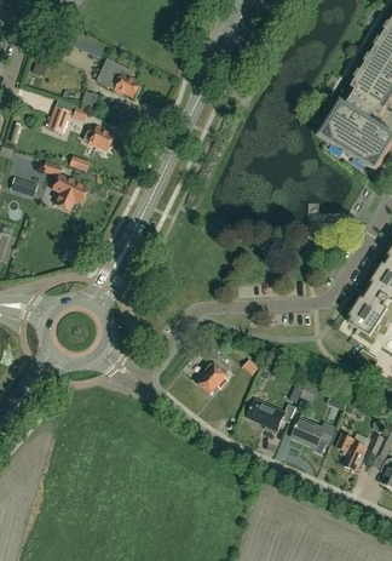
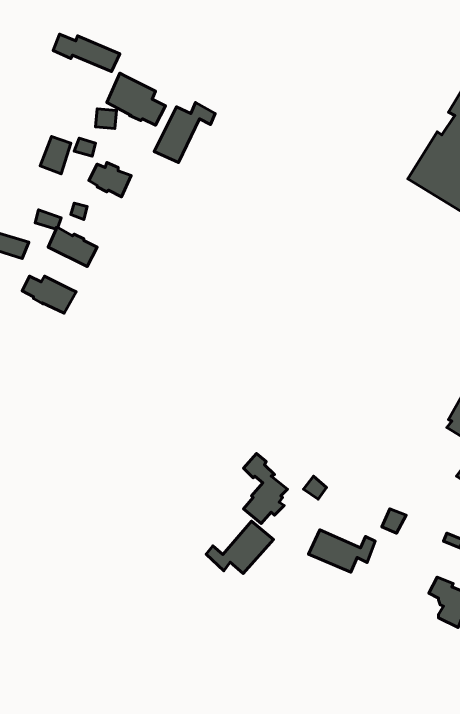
building: none -> [154,103,215,162]
building: none -> [22,276,76,313]
building: none -> [206,521,273,573]
building: [290,412,334,448] -> none

